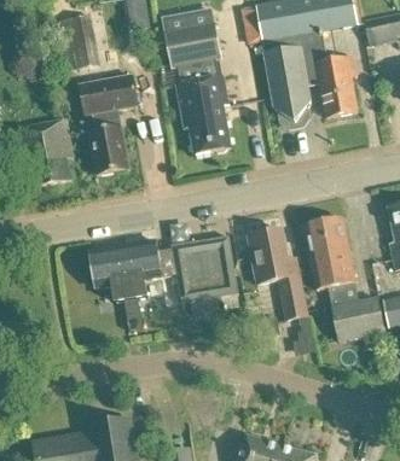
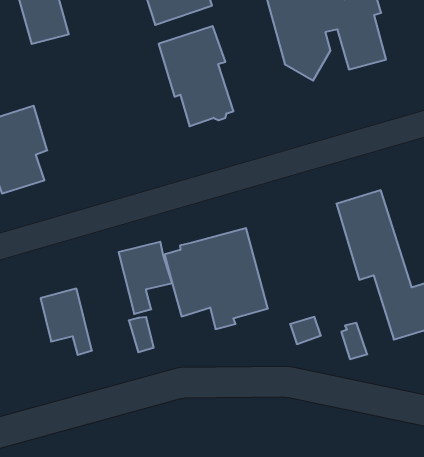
building: [77,68,134,173] -> none
building: [249,230,308,321] -> none
building: [92,246,129,300] -> [41,289,92,355]

